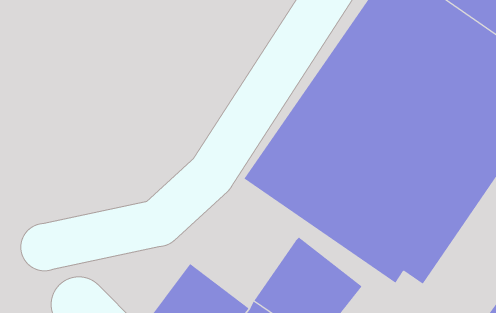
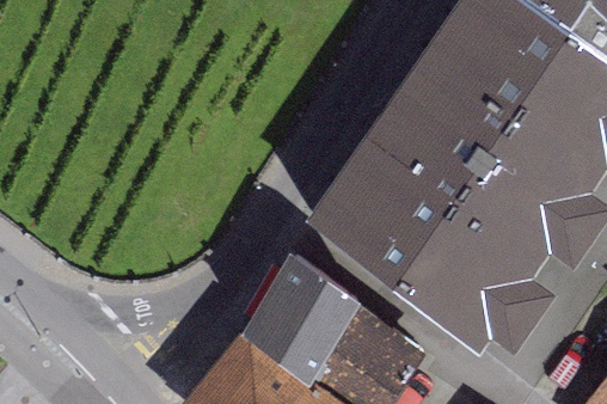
building: none -> [235,261,360,388]

